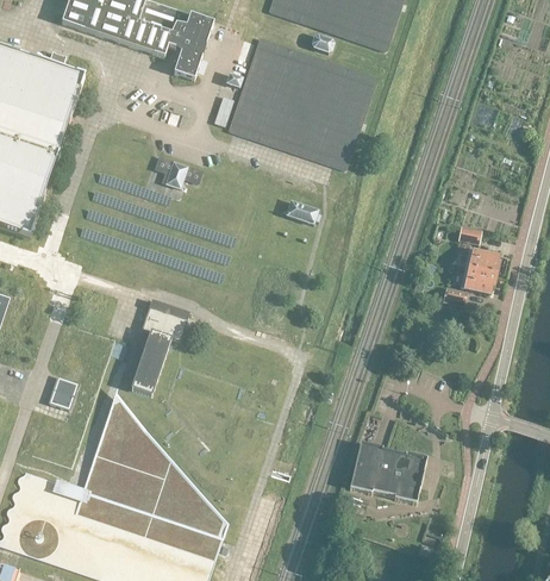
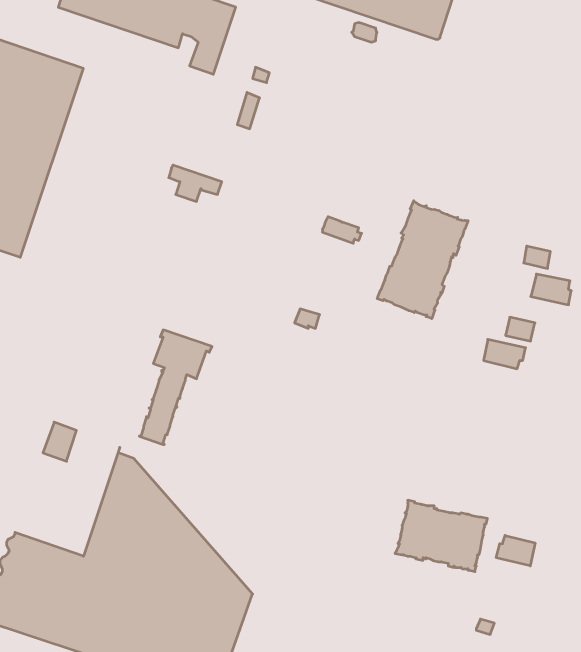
building: [229,38,375,169] -> none
building: none -> [377,201,468,319]
building: [460,269,495,294] -> [484,339,526,369]
building: none -> [496,535,535,566]

